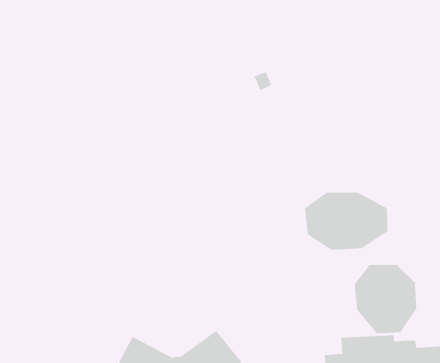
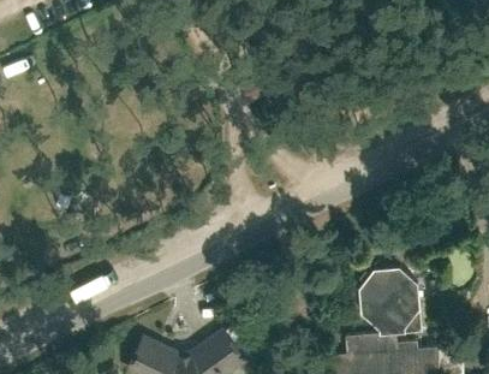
building: [304,192,388,250] -> none

